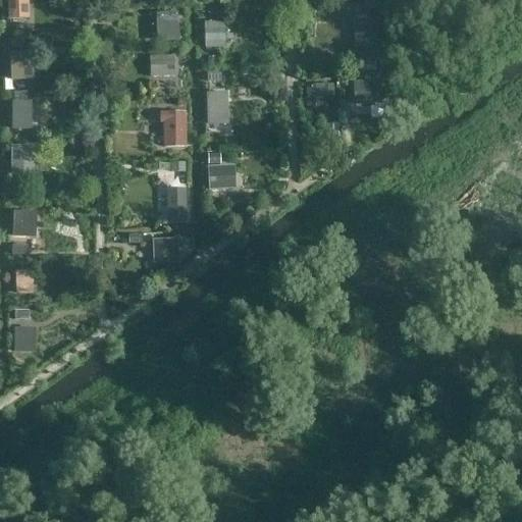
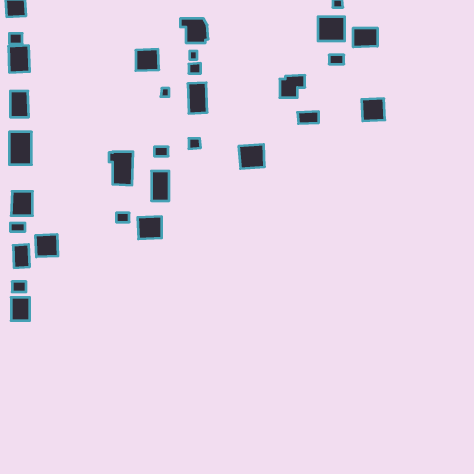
building: [157,10,179,41] -> none
building: none -> [353,28,377,47]
building: [355,80,380,104] -> [362,99,385,121]
building: [160,110,187,147] -> [109,152,133,185]
building: [207,163,236,190] -> [239,144,265,169]
building: none -> [36,234,58,257]

